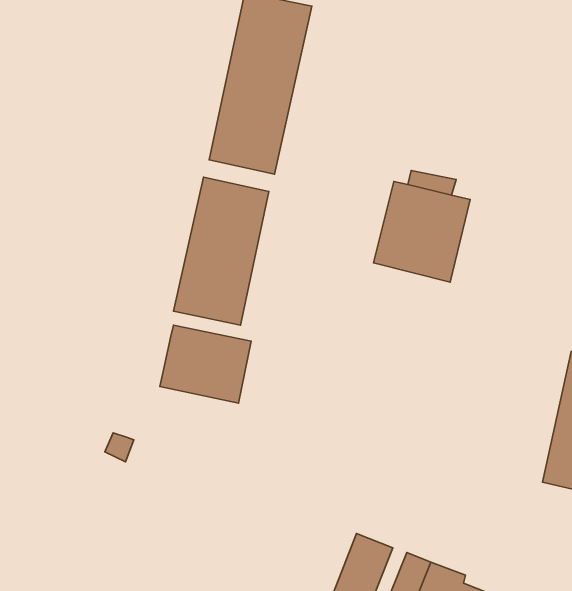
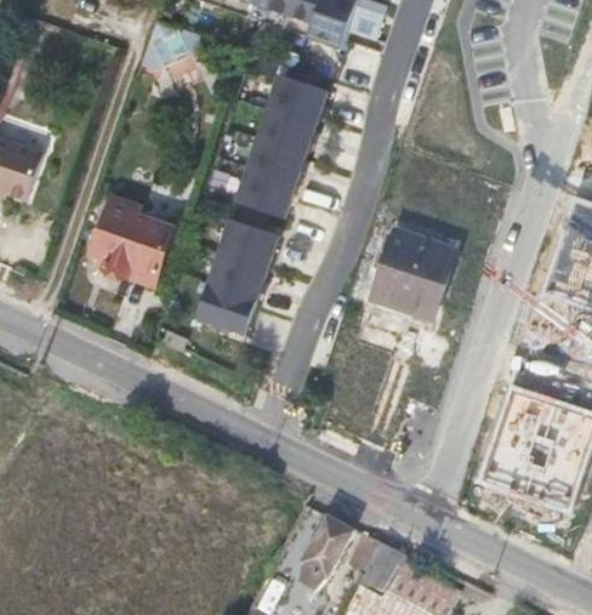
building: none -> [85,201,164,289]
building: [160,325,251,403] -> none

